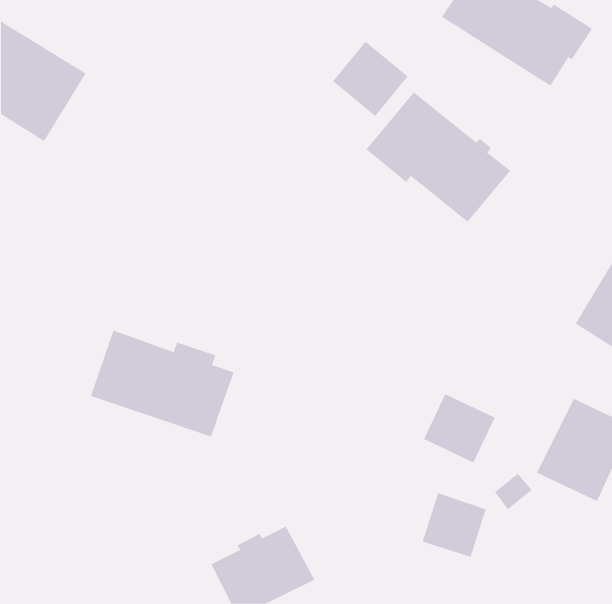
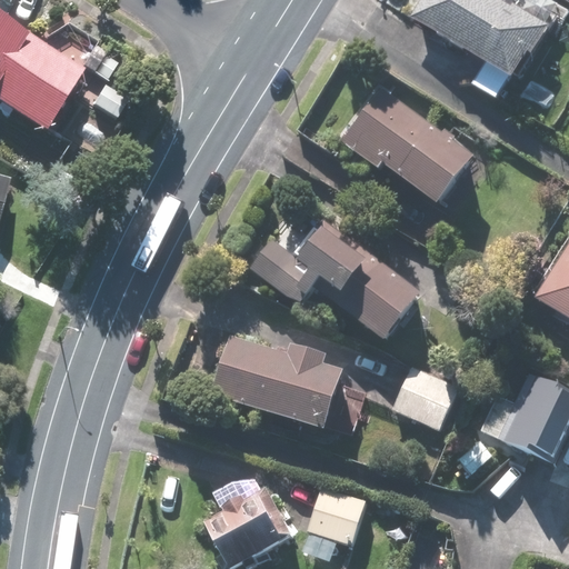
building: [332,41,409,117] -> none
building: none -> [251,216,422,342]
building: [90,330,234,437] -> [211,332,345,431]
building: [422,492,487,557] -> [308,482,368,542]

